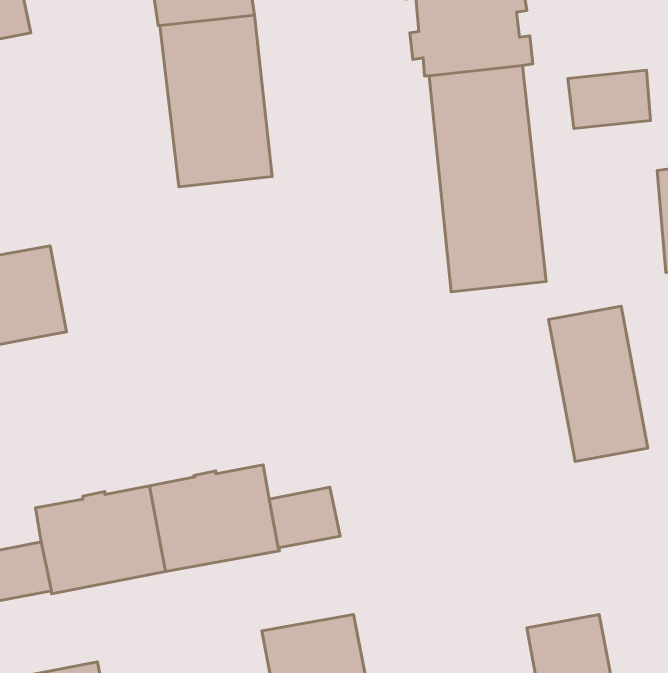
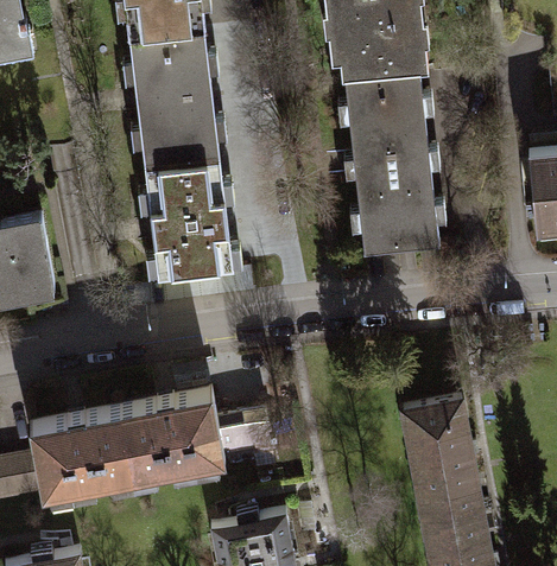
building: [568,70,651,129] -> none
building: none -> [145,161,233,280]
building: [549,306,648,462] -> [403,399,482,523]

